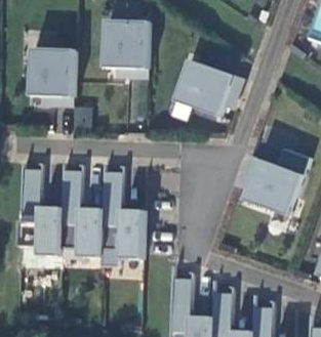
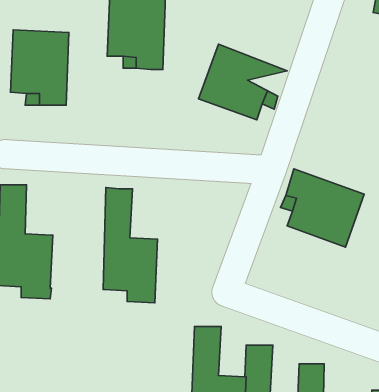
building: [61,168,103,256] -> none

